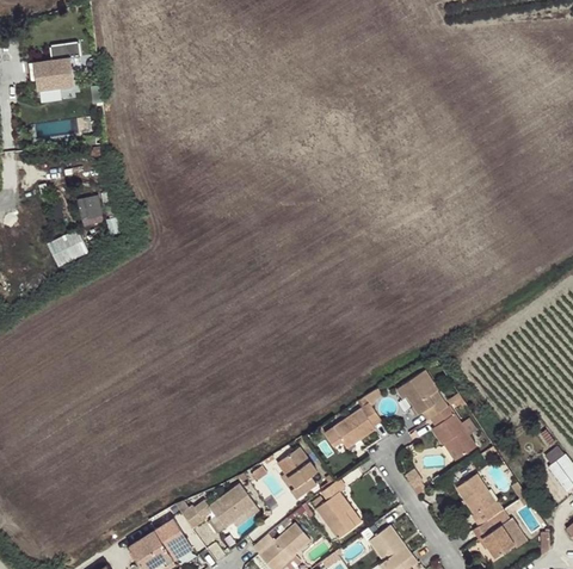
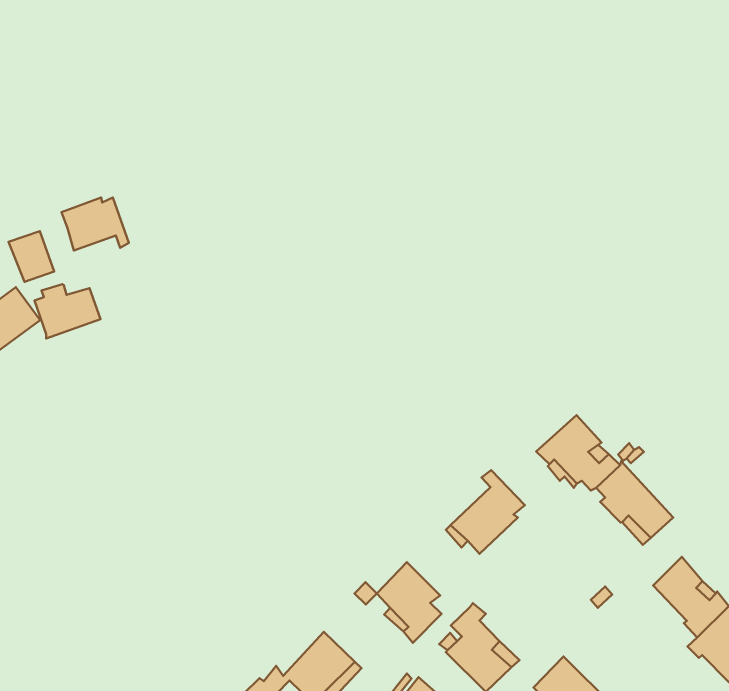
building: none -> [61,198,129,250]
building: none -> [35,284,101,338]

